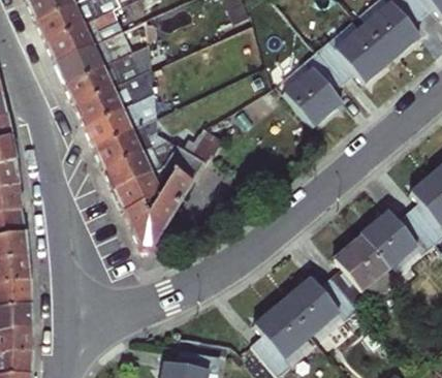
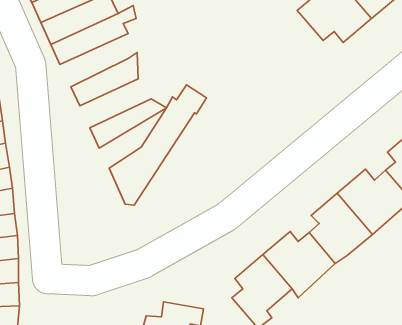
building: [283,49,343,124] -> none
building: [72,68,151,127] -> none
building: [93,119,166,169] -> none
building: [113,149,182,211] -> none

